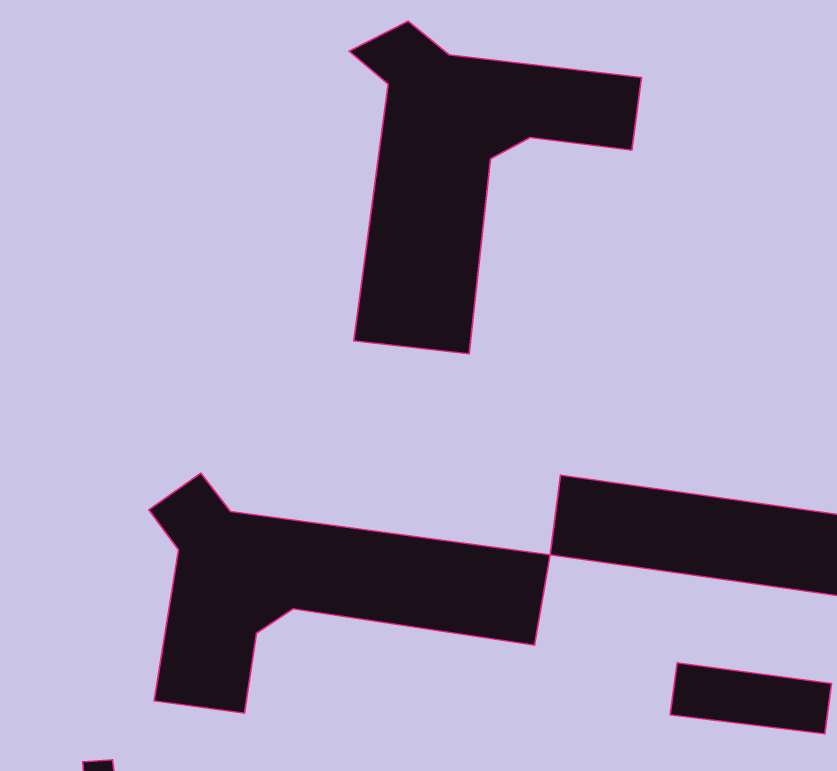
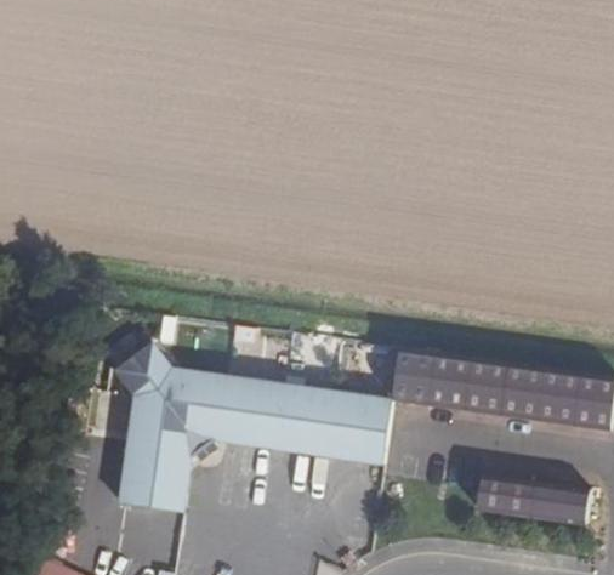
building: [349,21,641,354] -> none

